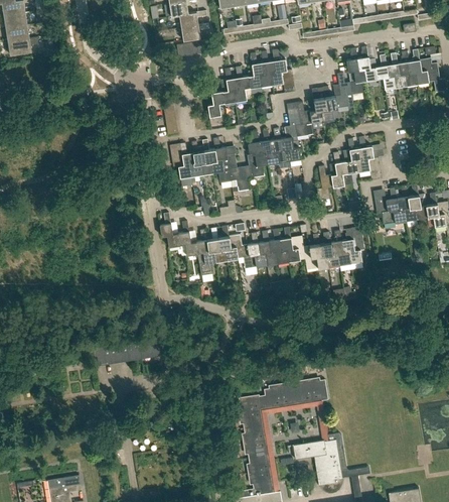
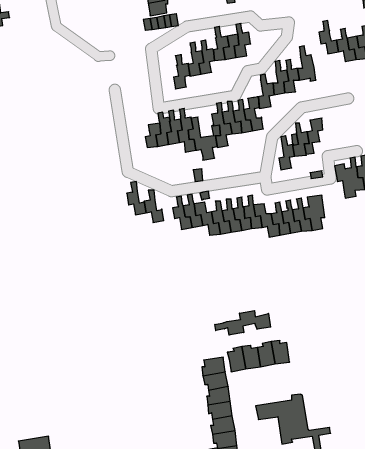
building: [346,49,366,96] -> none
building: [356,137,384,172] -> none
building: [195,231,215,276] -> none
building: [91,339,162,367] -> none
building: none -> [215,311,271,335]

